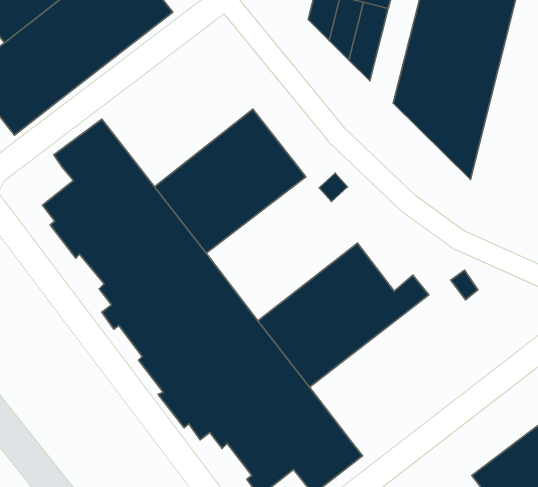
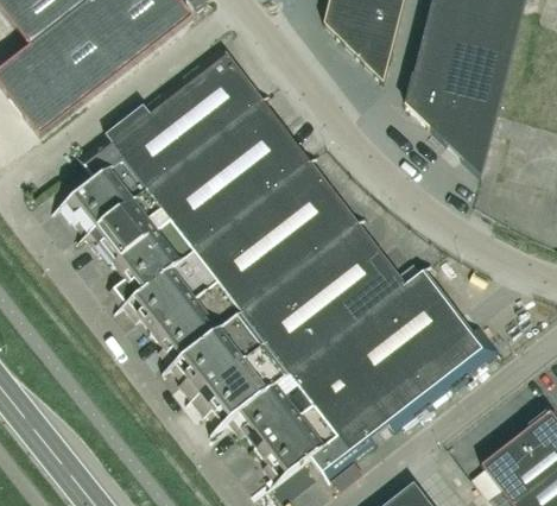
building: none -> [125,44,271,184]
building: none -> [226,175,372,314]
building: none -> [325,289,499,435]

